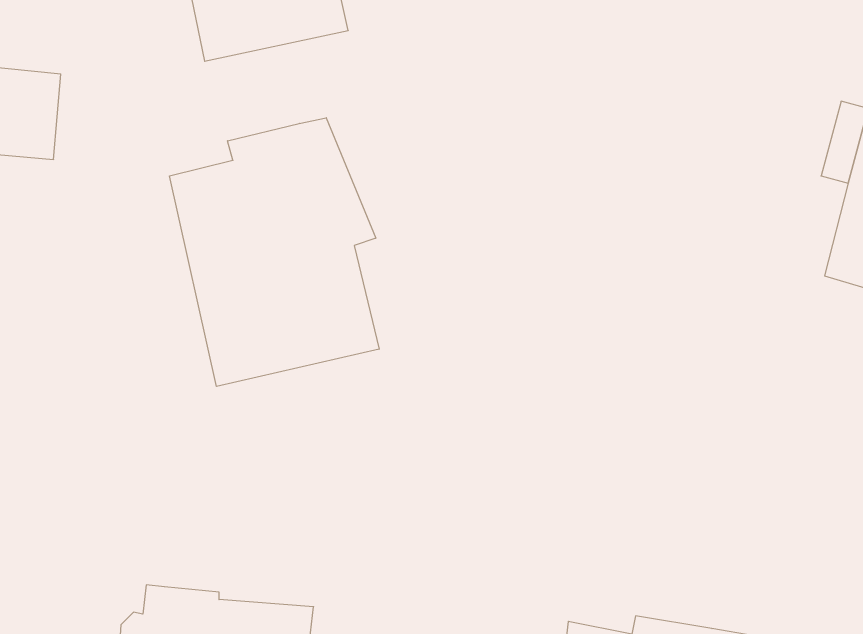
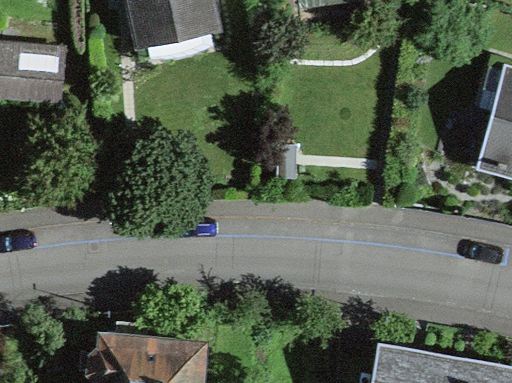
building: [170,118,379,386] -> none

